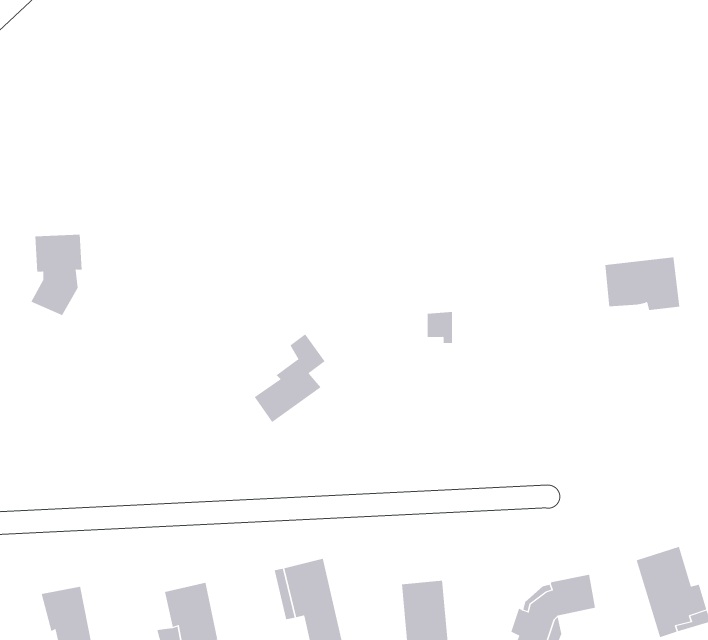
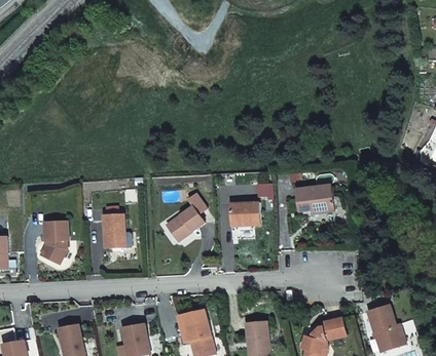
building: [31,234,82,316] -> [42,222,69,264]
building: [605,257,680,311] -> [294,185,333,212]
building: none -> [228,201,260,225]
building: none -> [103,213,124,247]

